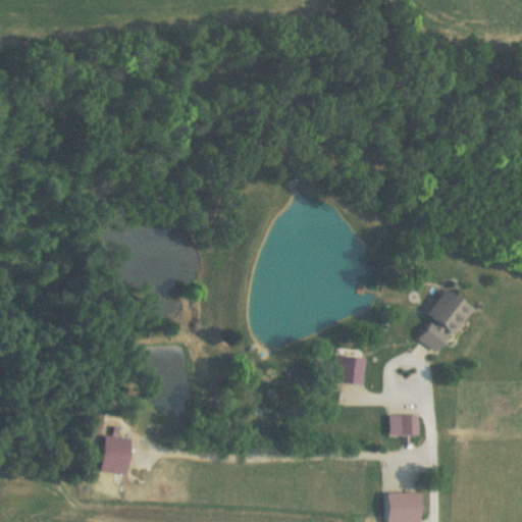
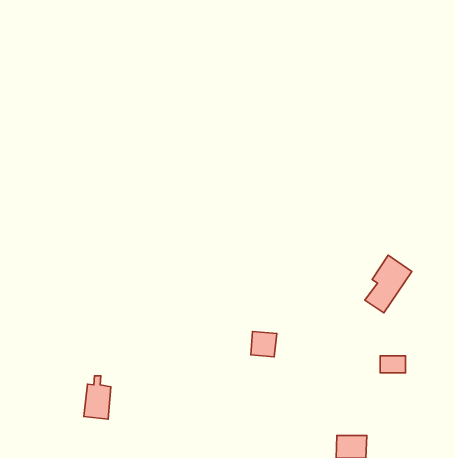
building: [336,356,366,384] -> [251,332,277,357]
building: [390,415,419,434] -> [380,356,406,373]

